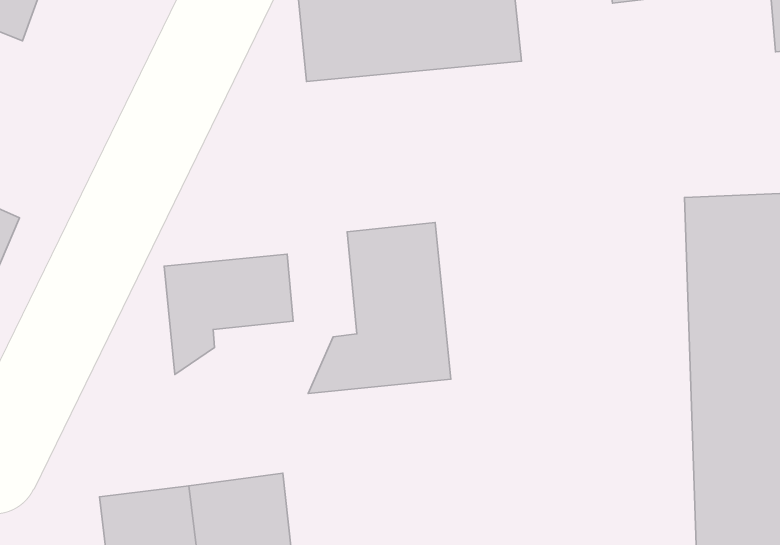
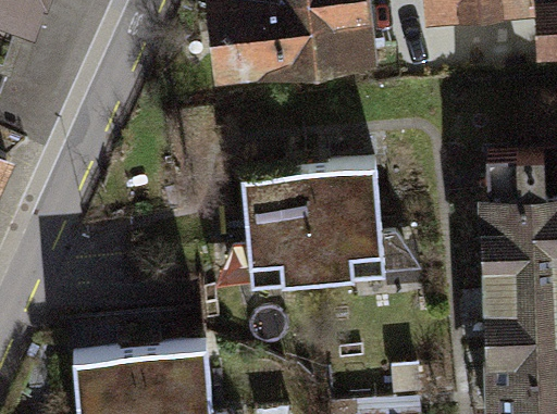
building: none -> [309,168,421,285]
building: [164,254,293,375] -> none

